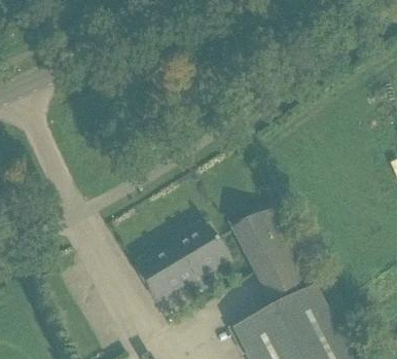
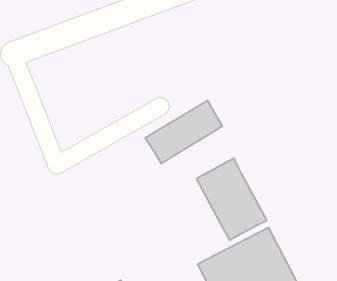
building: [136,223,225,296] -> [145,100,223,164]

